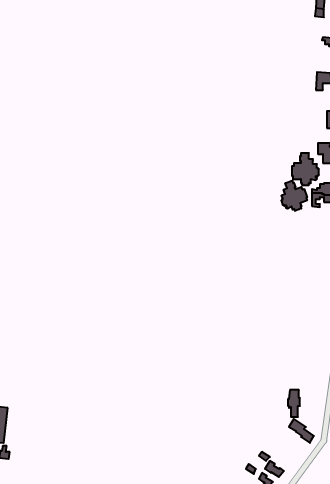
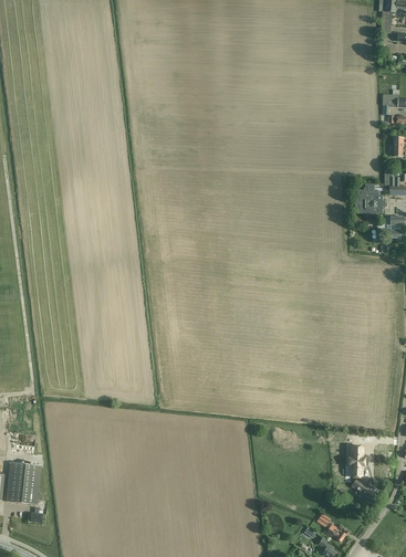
building: [281,180,307,211] -> none

